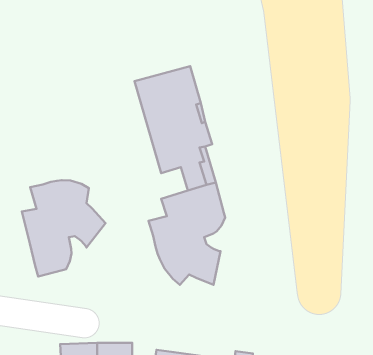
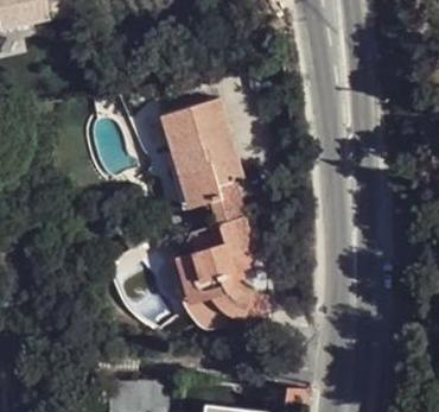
building: [22,180,106,277] -> none

